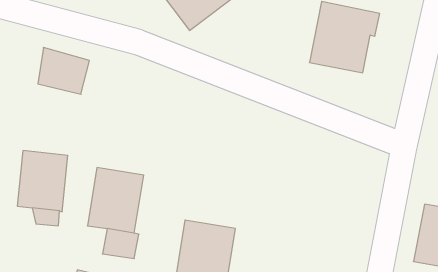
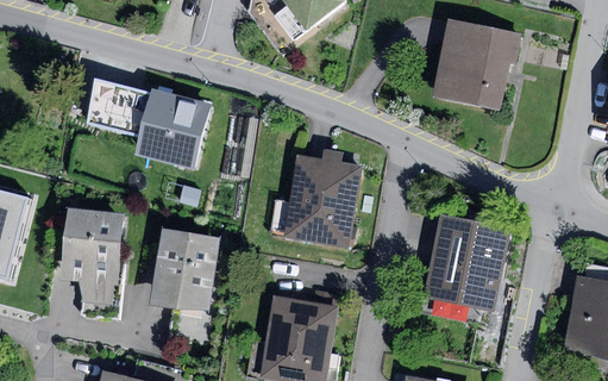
building: none -> [137,87,213,169]
building: none -> [283,148,361,248]
building: none -> [425,213,512,310]

